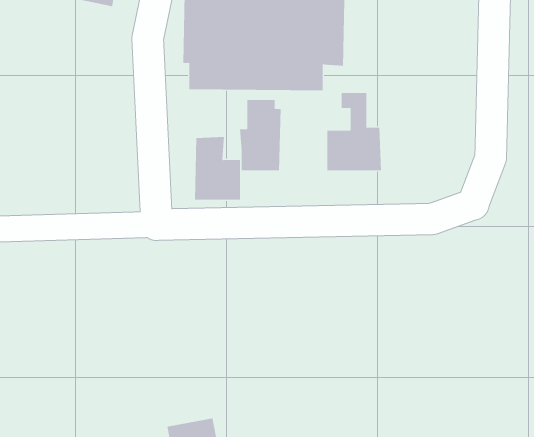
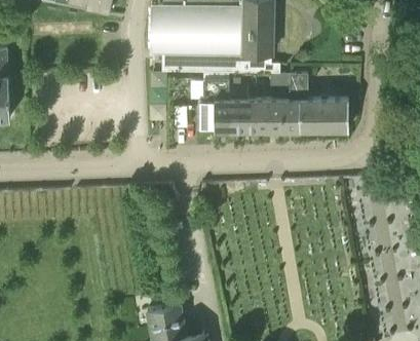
building: none -> [289,74,348,129]
building: [194,136,241,200] -> [227,84,260,129]

